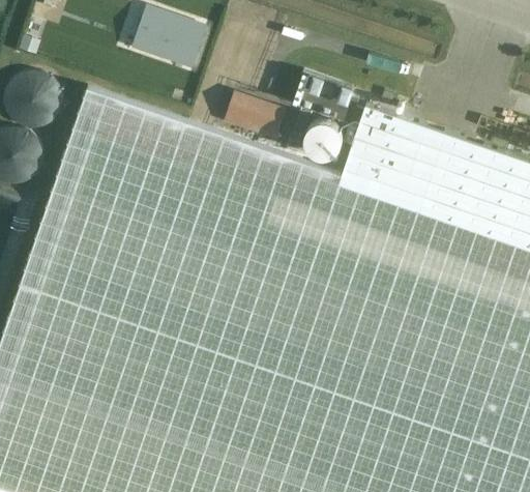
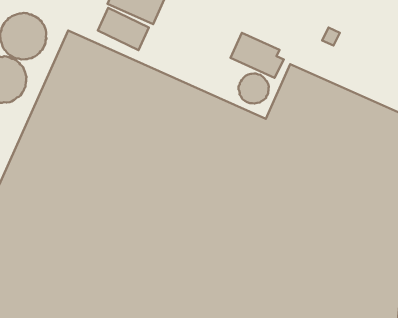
building: [230,89,293,138] -> [98,8,149,50]

